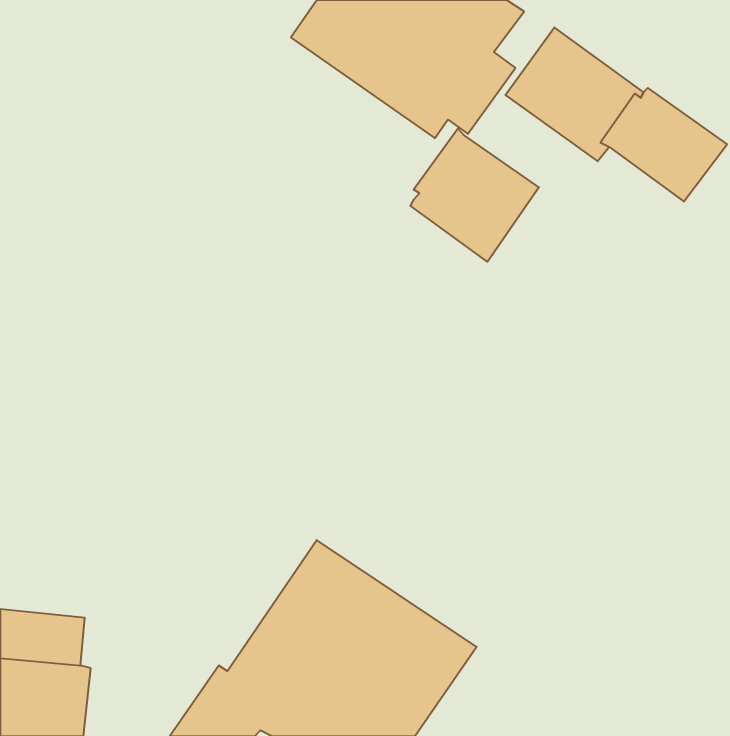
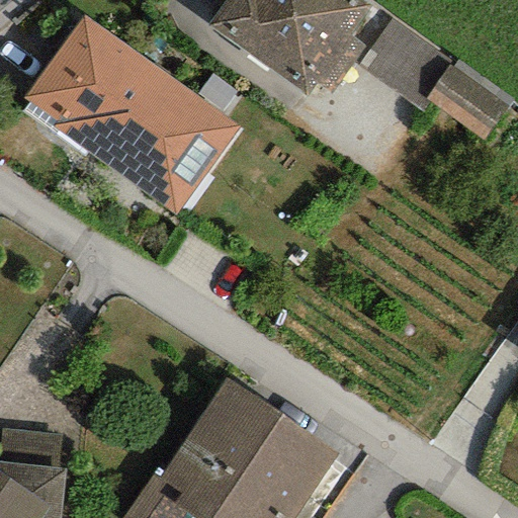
building: none -> [25,15,241,215]
building: [410,128,539,262] -> none

